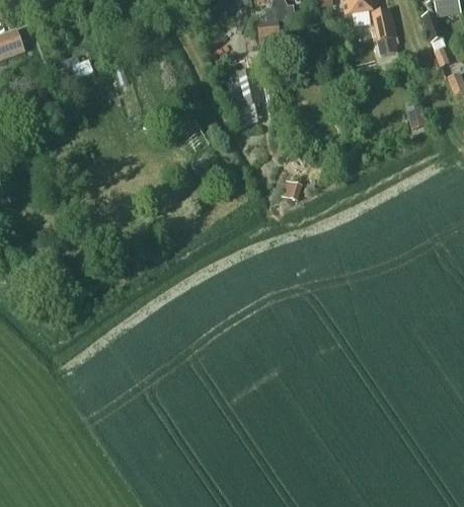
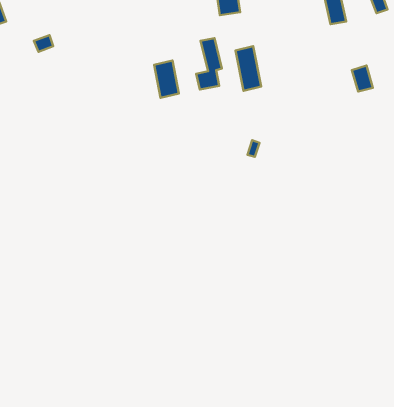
building: none -> [235,46,261,91]
building: none -> [154,61,179,98]

